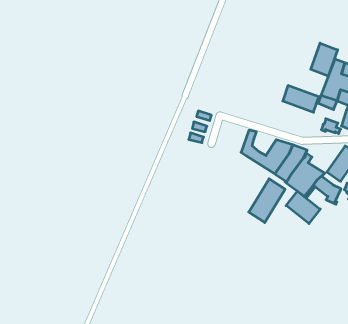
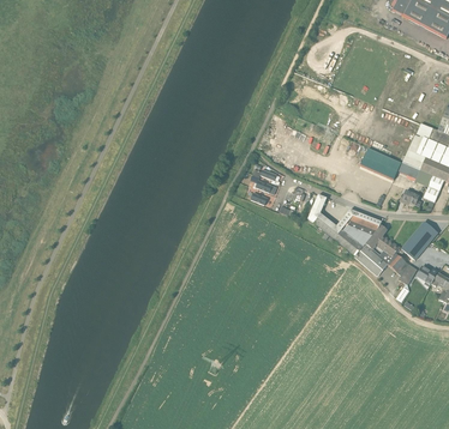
building: [311,43,338,76] -> none
building: [249,179,285,223] -> none
building: [286,191,320,224] -> none

